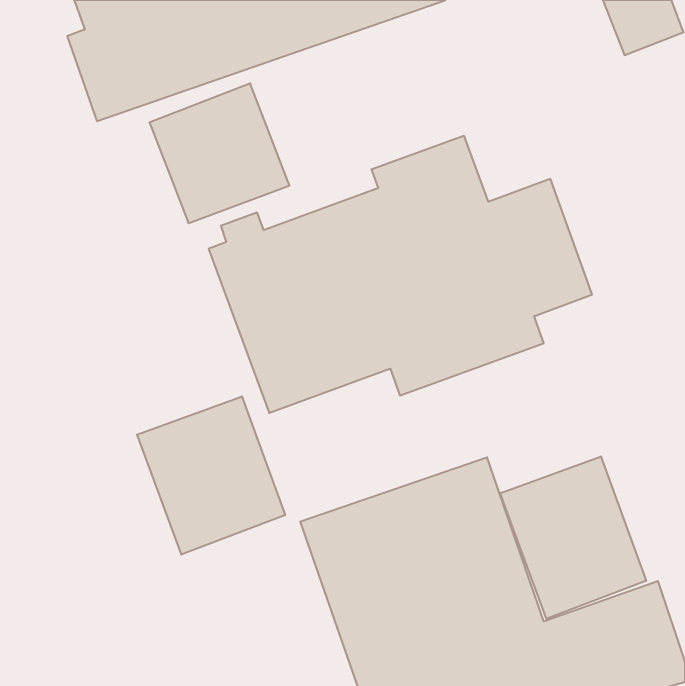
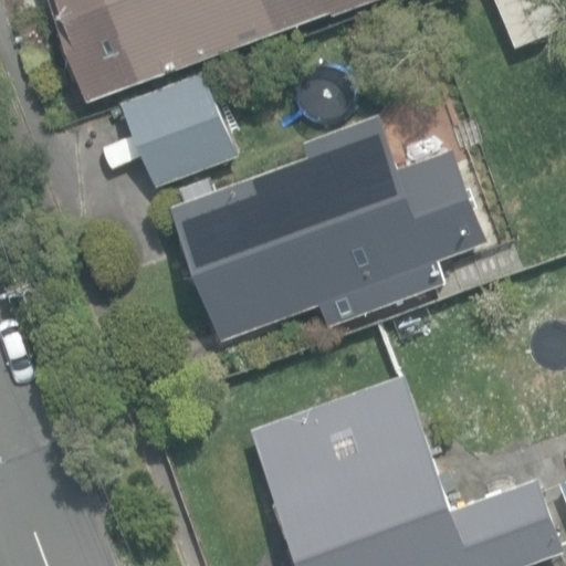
building: [137,396,285,555] -> none
building: [500,456,646,619] -> none

